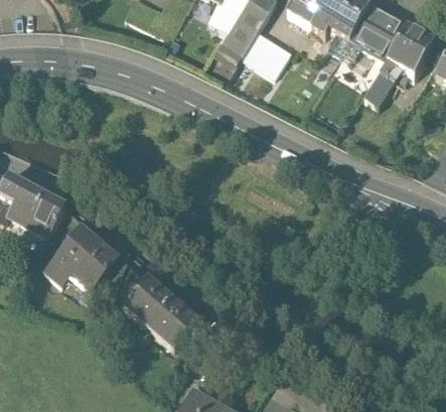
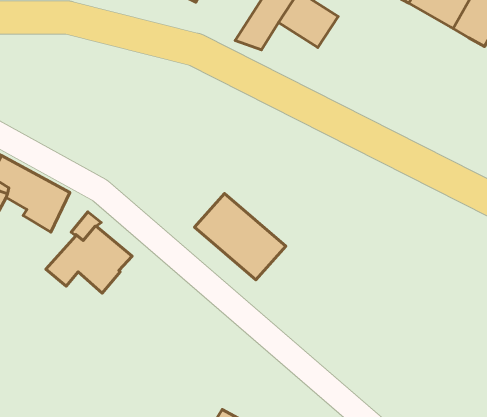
building: [363,58,401,104] -> none
building: [123,269,199,341] -> [195,194,286,280]

